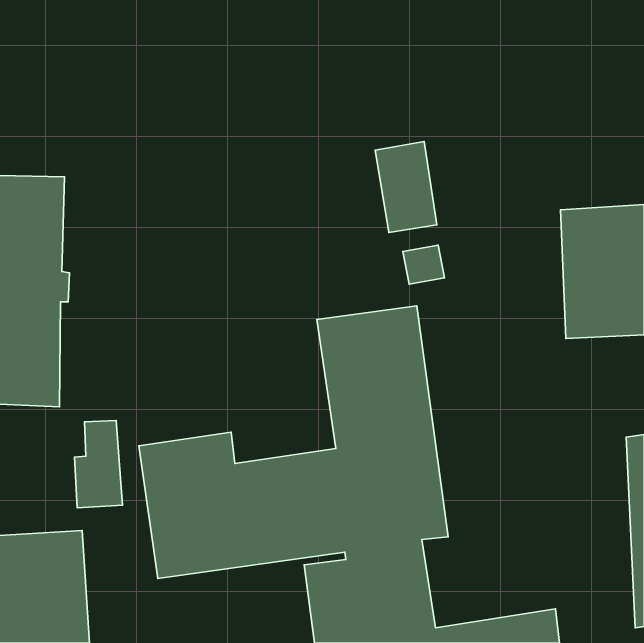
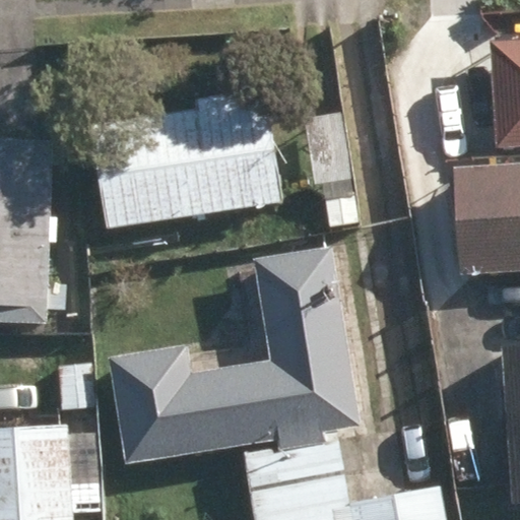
building: none -> [87,91,283,232]

